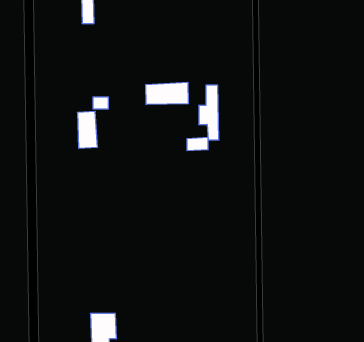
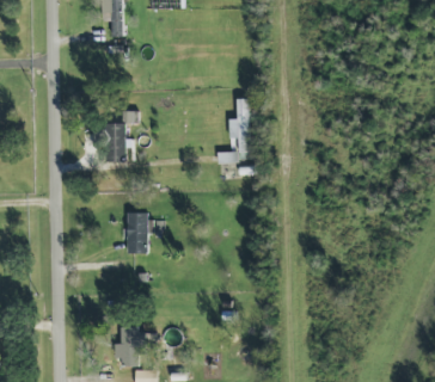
building: [146,82,188,105] -> none
building: none -> [127,211,152,253]

